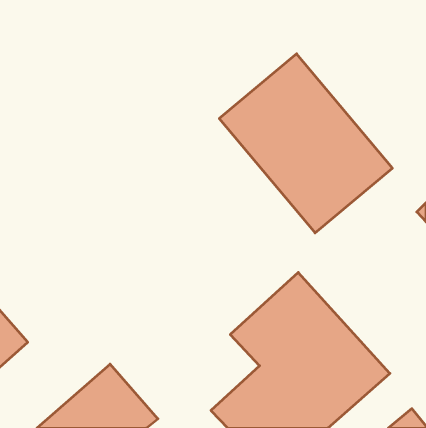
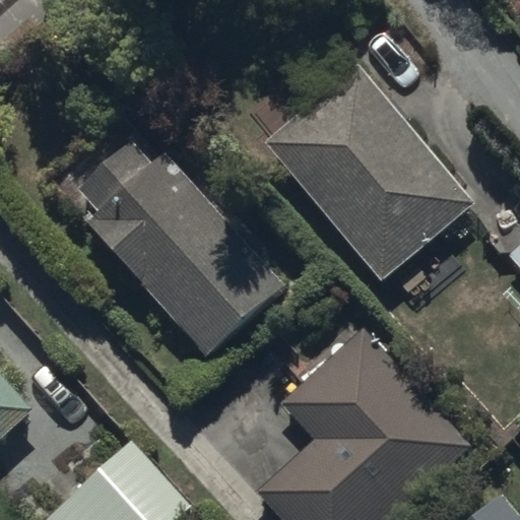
building: none -> [77,140,284,354]

